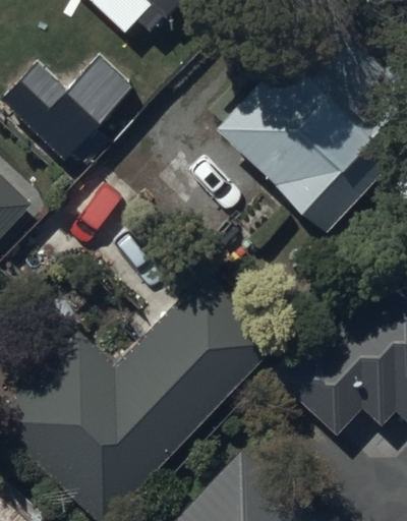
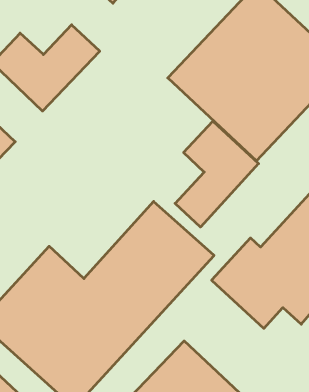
building: none -> [175,121,259,227]

